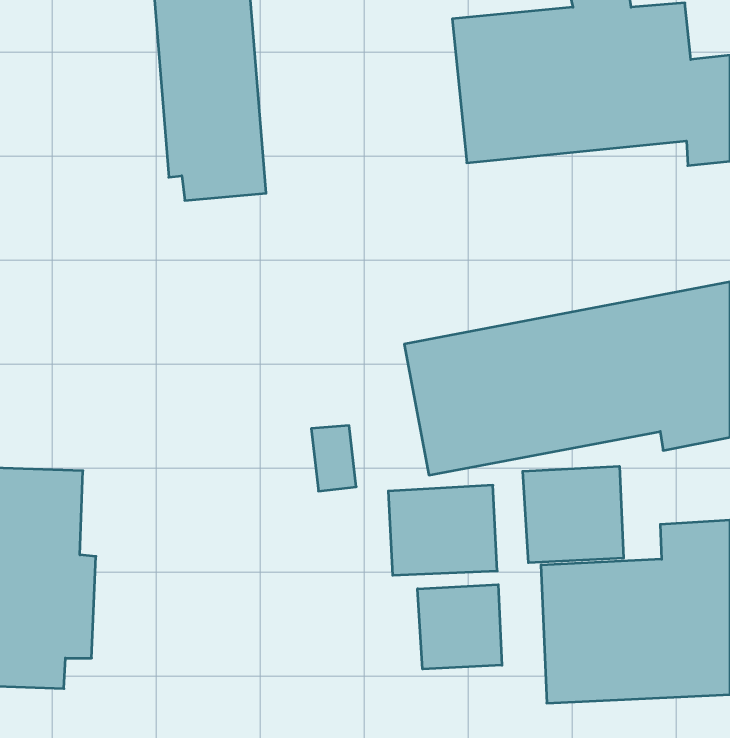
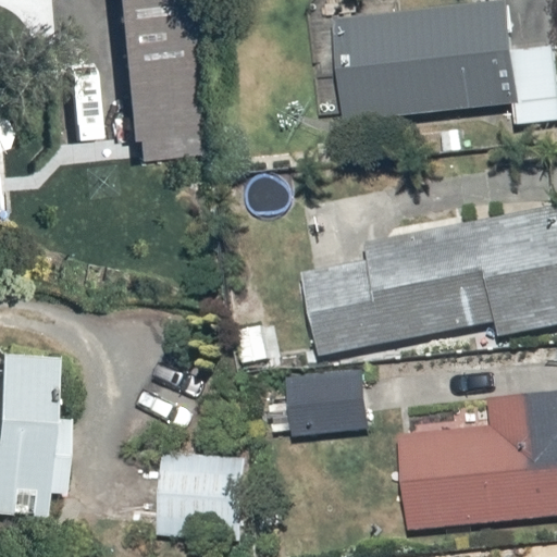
building: [523,466,624,563] -> none
building: [418,585,502,669] -> none
building: none -> [158,448,243,536]

